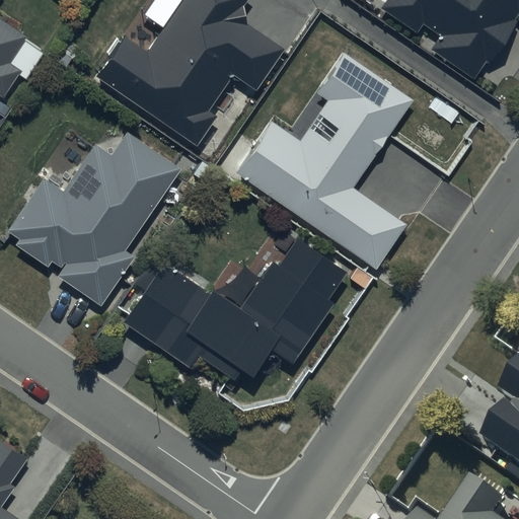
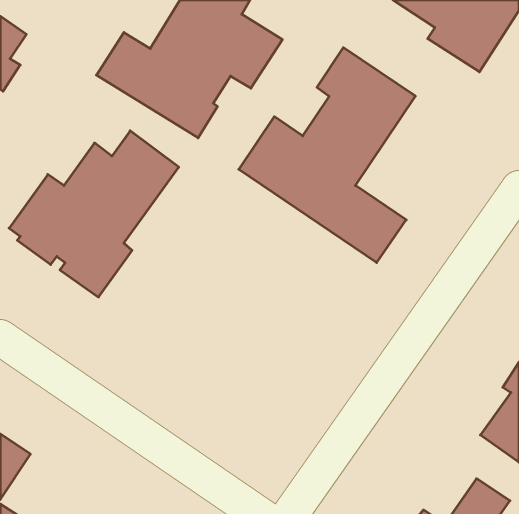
building: [125,230,352,381] -> none

